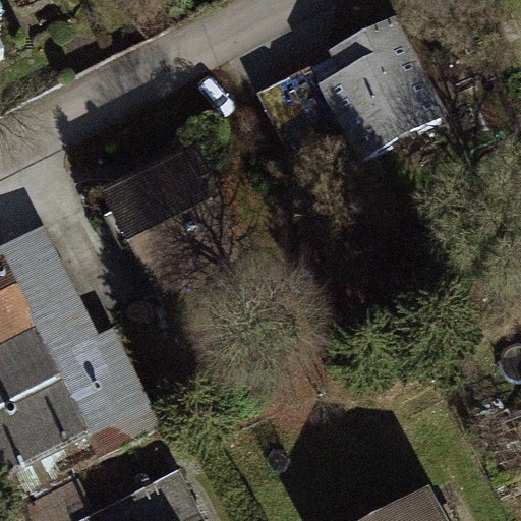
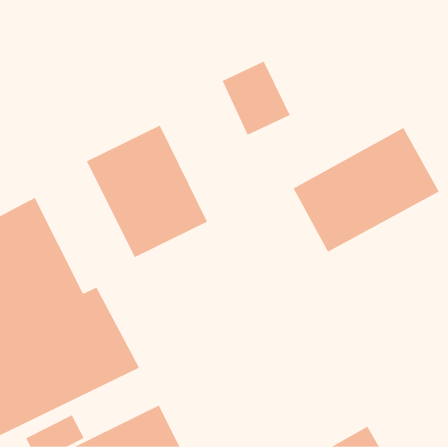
building: [311,12,448,164] -> none
building: none -> [293,127,440,253]

